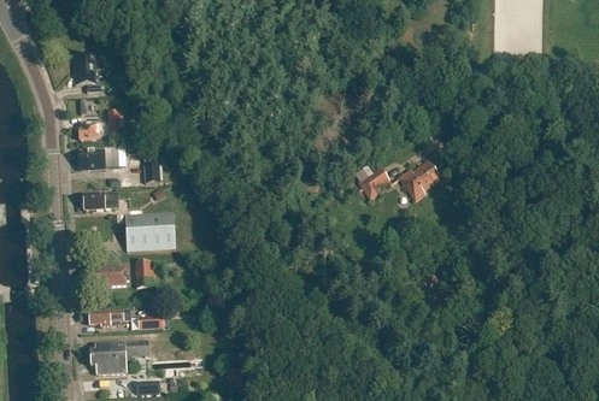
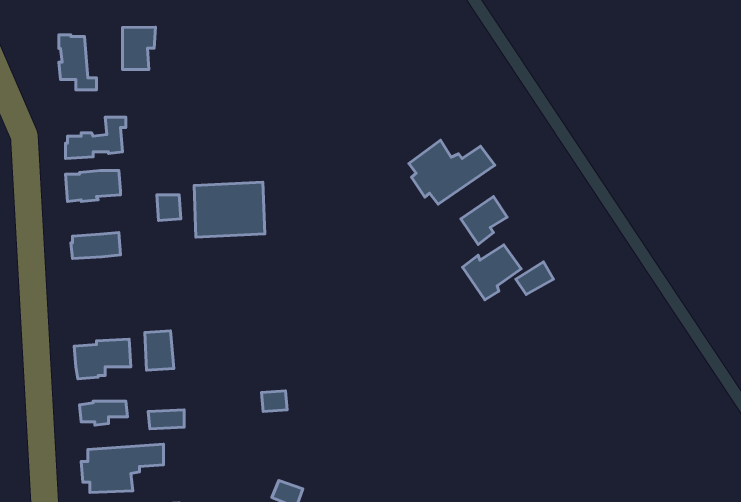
building: none -> [123,27,155,70]
building: none -> [409,140,495,204]
building: [399,161,440,200] -> [463,245,521,300]
building: [125,212,175,250] -> [194,182,265,237]

